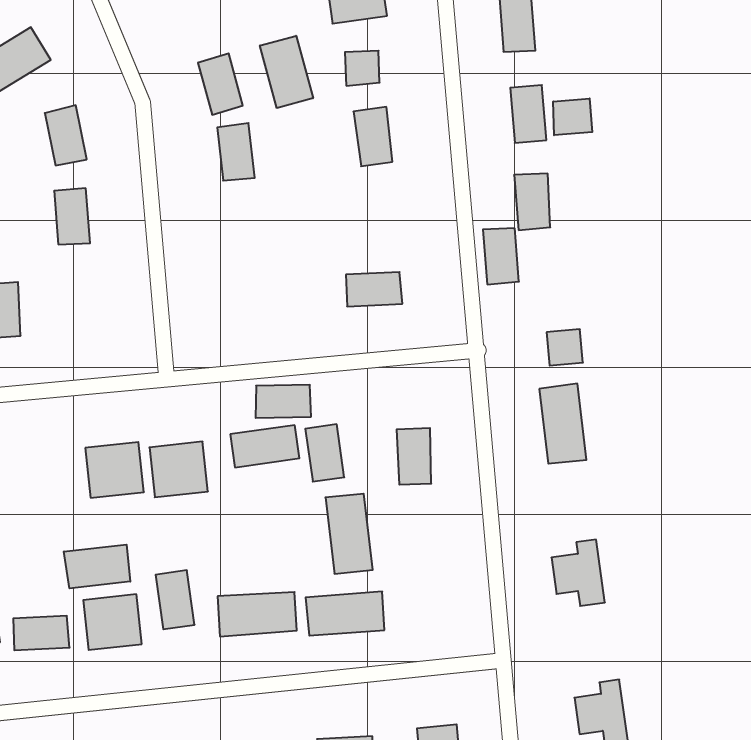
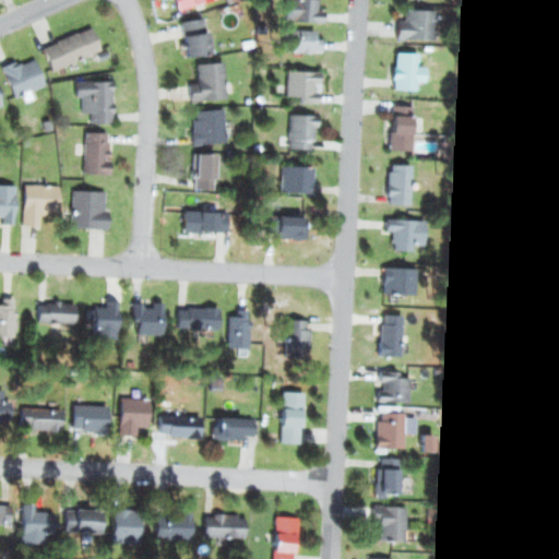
building: none -> [183,31,209,56]
building: [260,36,313,108] -> none
building: [553,98,592,135] -> none
building: none -> [278,159,313,197]
building: none -> [199,155,221,191]
building: [483,228,519,284] -> [396,221,419,258]
building: none -> [72,190,108,228]
building: [256,385,311,418] -> [187,211,225,236]
building: none -> [43,300,79,322]
building: none -> [385,376,408,397]
building: [325,494,373,574] -> [280,393,306,444]
building: [64,545,130,588] -> none
building: none -> [382,473,404,495]

